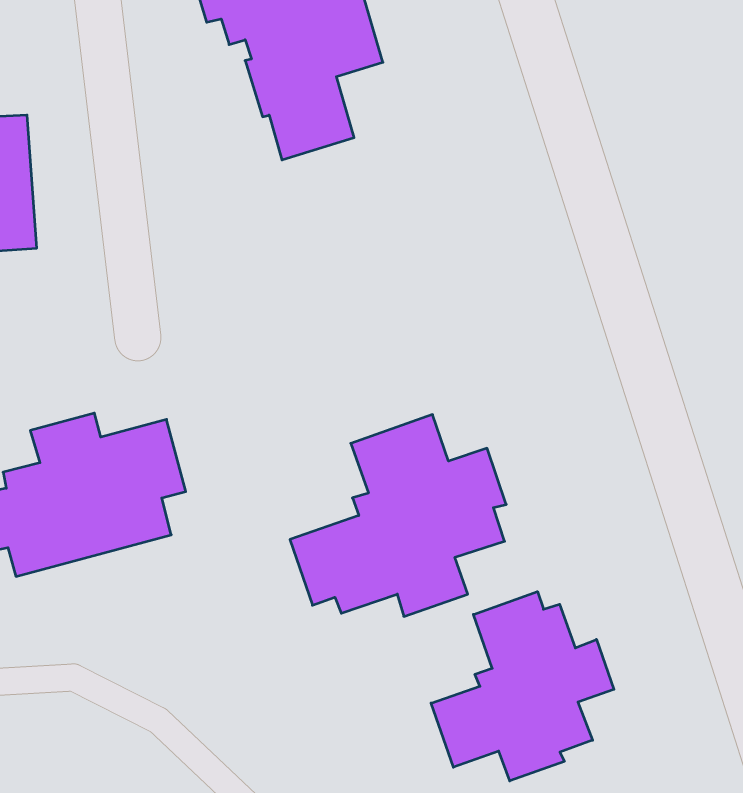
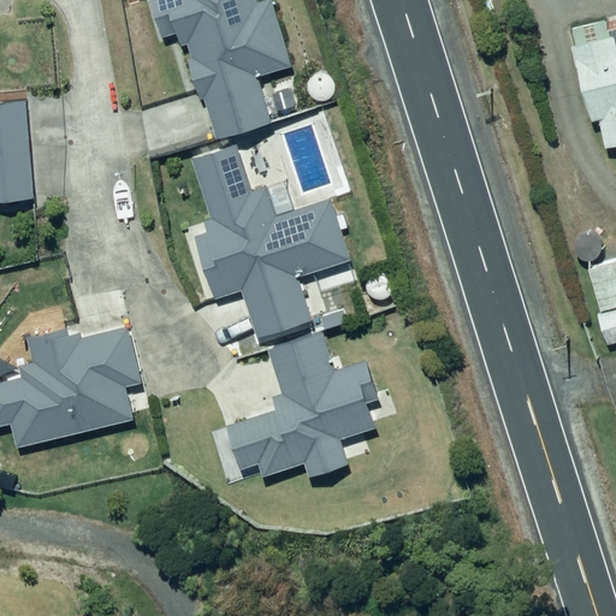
building: none -> [182,144,351,332]
building: [431,592,614,781] -> none

